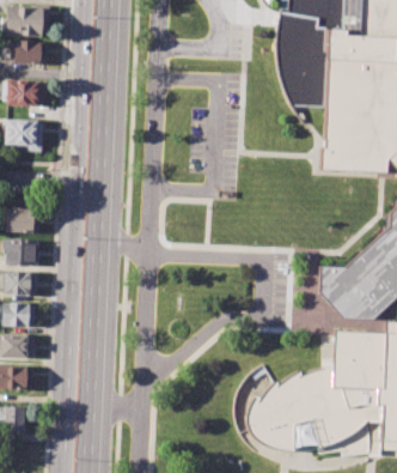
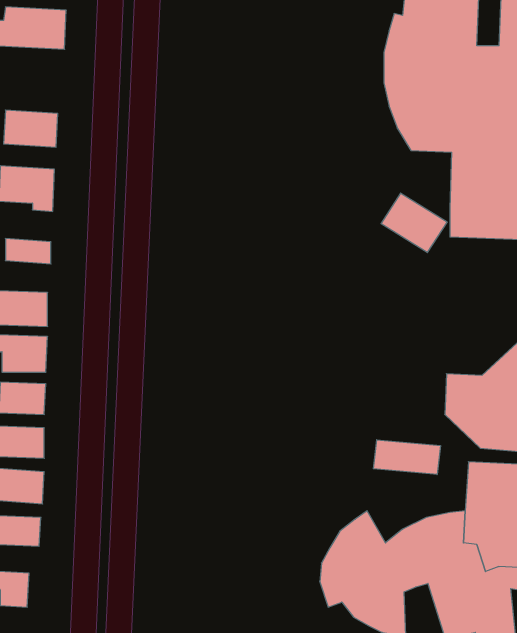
building: [11,40,50,63] -> none
building: none -> [381,193,447,253]
building: none -> [373,440,440,475]

